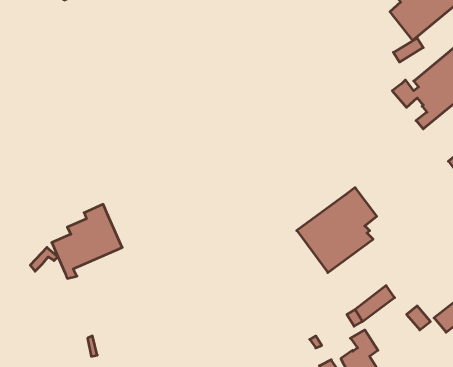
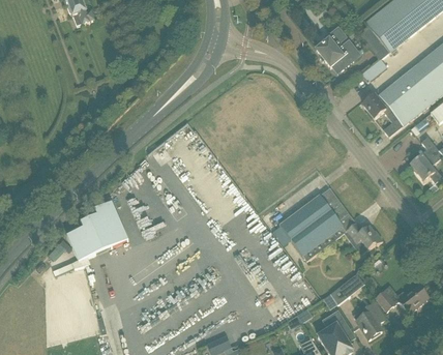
building: none -> [317,32,360,69]
building: none -> [338,212,383,249]
building: none -> [354,301,385,338]

